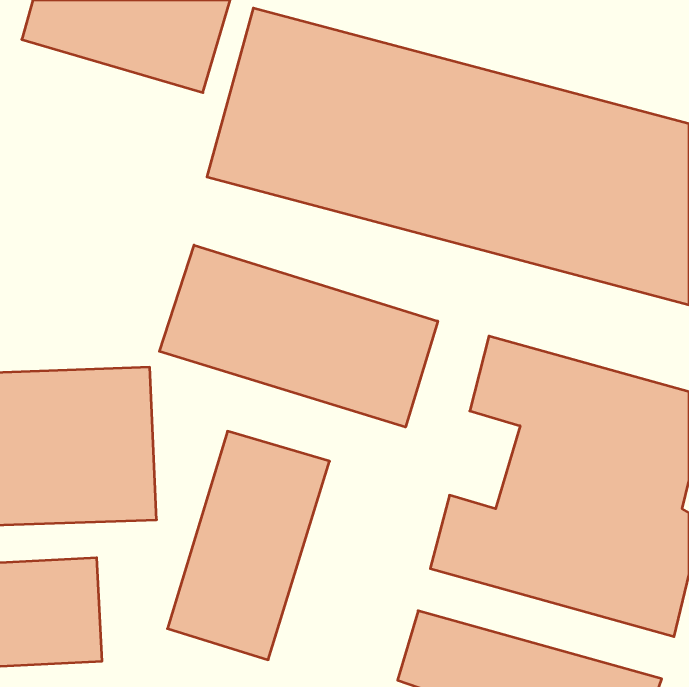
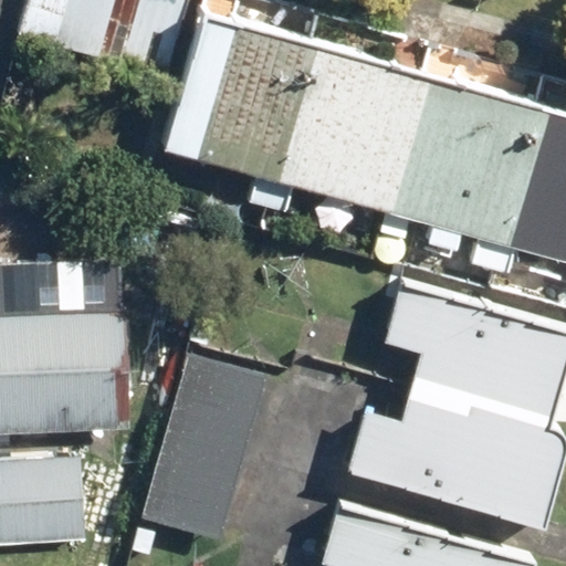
building: [159,245,438,427] -> none

